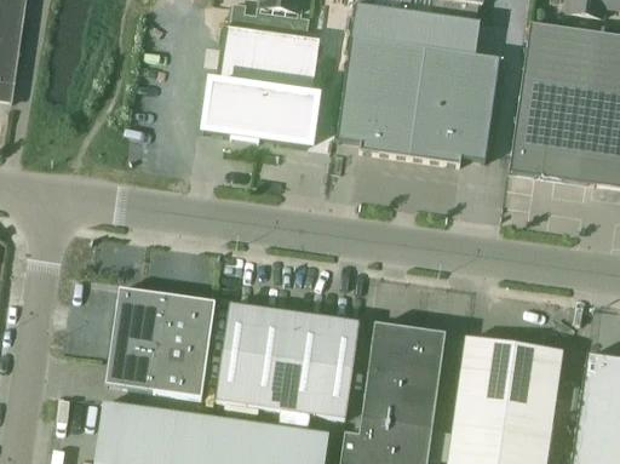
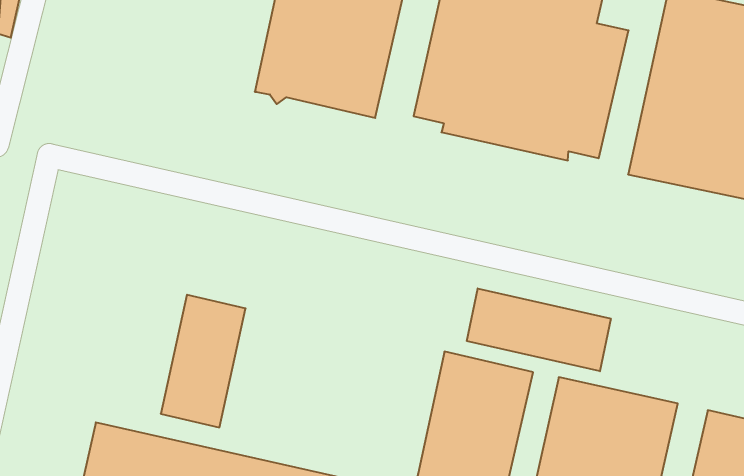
building: none -> [467,288,611,371]
building: [105,287,167,390] -> none
building: [216,303,358,418] -> none

